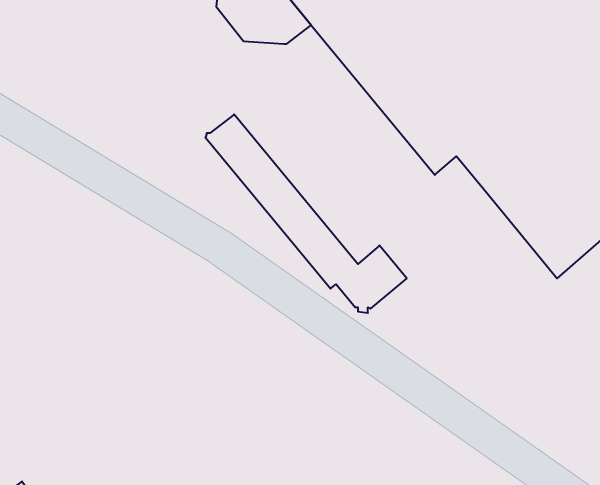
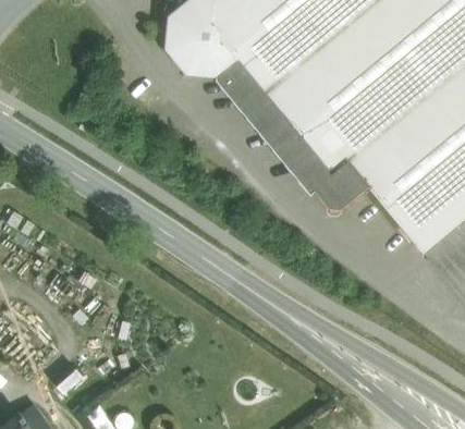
building: [205,114,407,313] -> [216,62,368,212]

